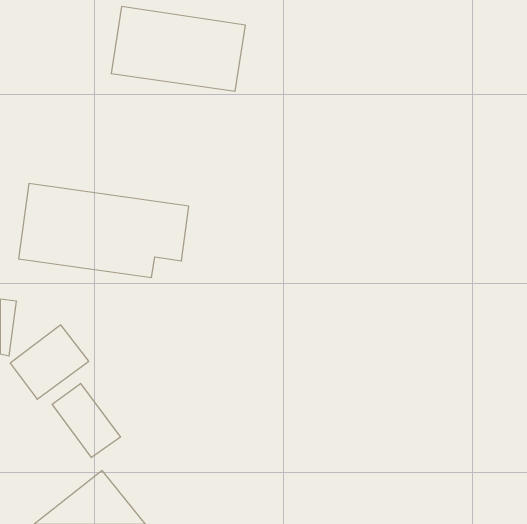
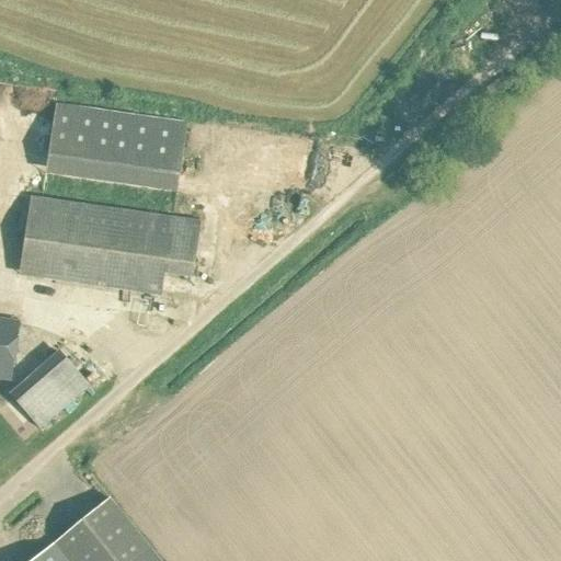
building: [111,7,245,91] -> [44,101,186,191]
building: [52,383,120,458] -> none

